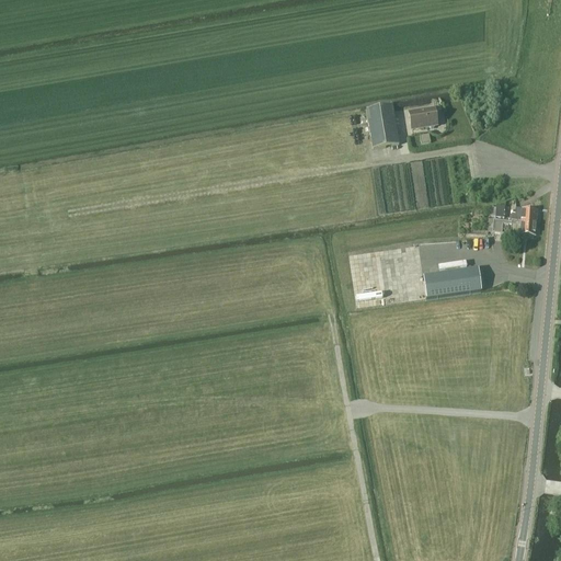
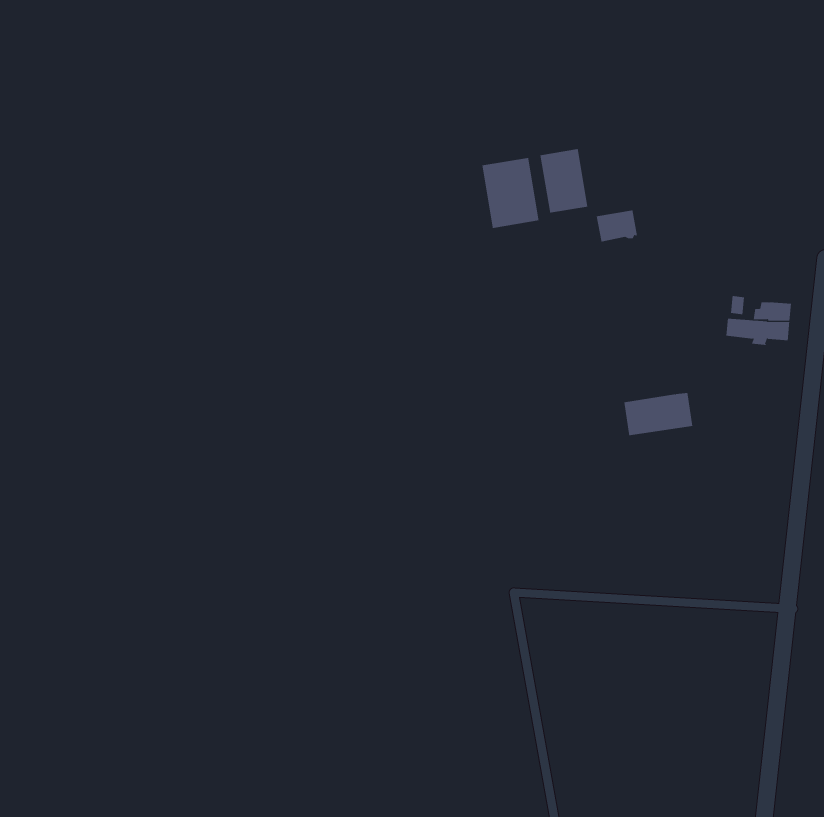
building: [410,103,438,125] -> [596,210,638,242]
building: none -> [482,157,539,229]

